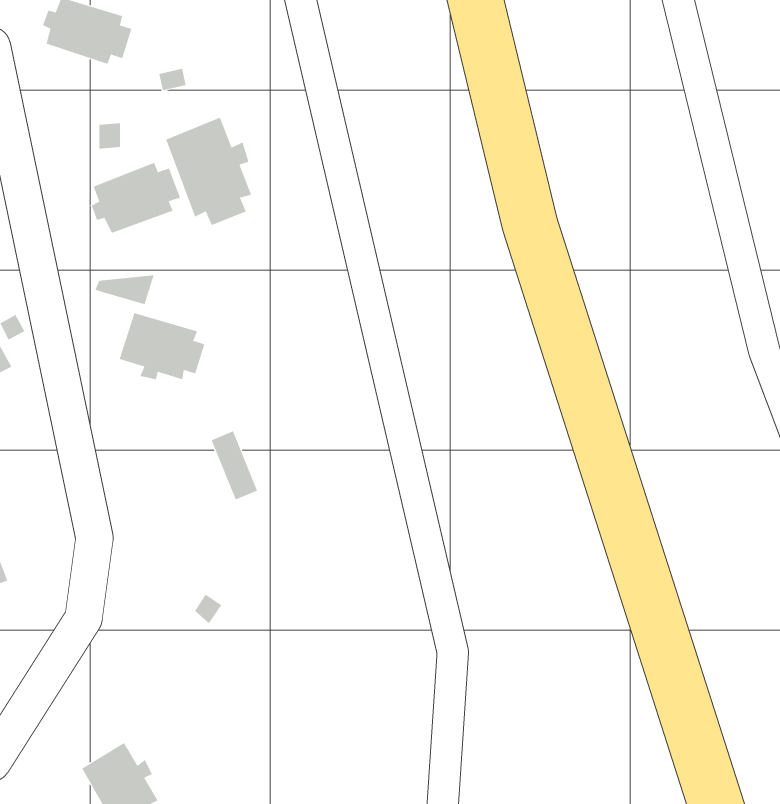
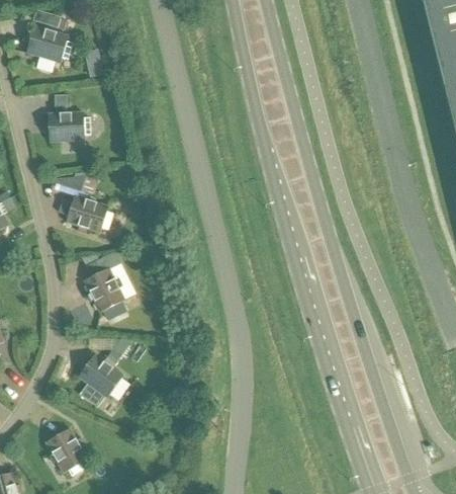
building: [165,117,252,226] -> none
building: none -> [85,258,125,314]
building: none -> [79,352,125,396]

